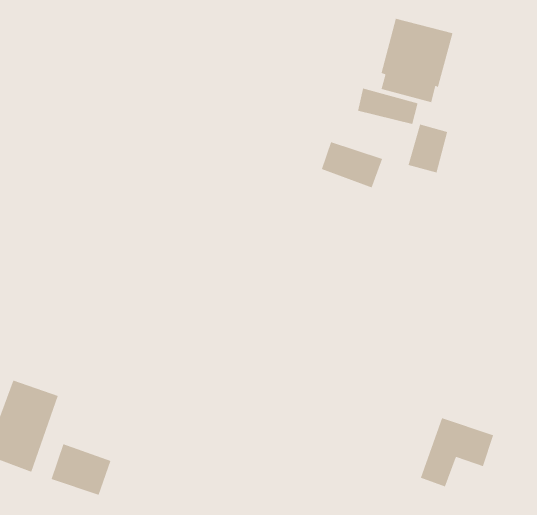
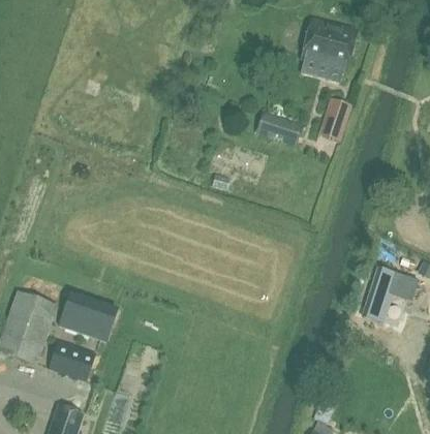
building: [357,88,419,125] -> none
building: none -> [55,288,113,337]
building: [420,417,494,487] -> [358,268,414,321]

